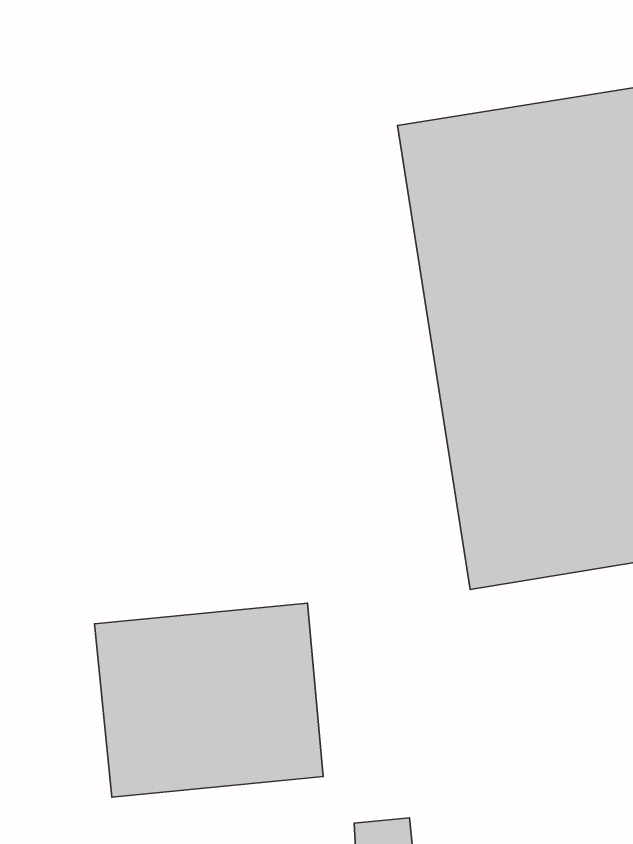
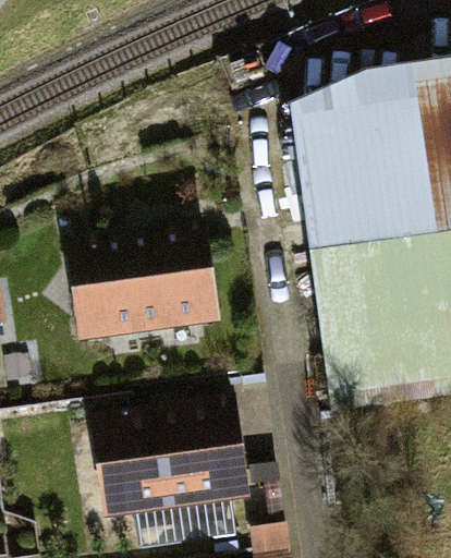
building: none -> [75,238,211,342]

